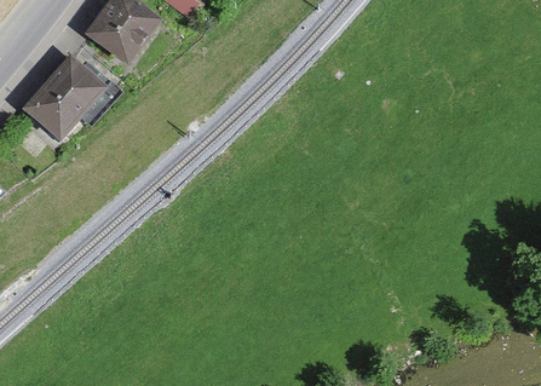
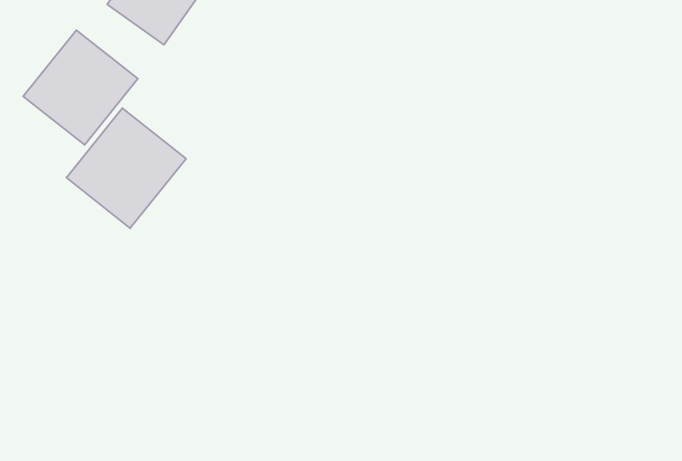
building: none -> [66,108,186,228]

